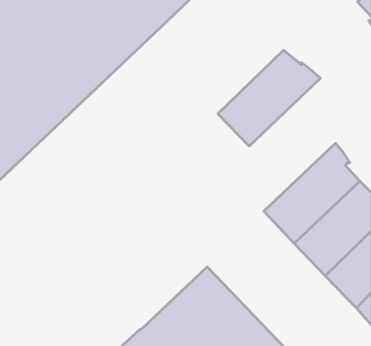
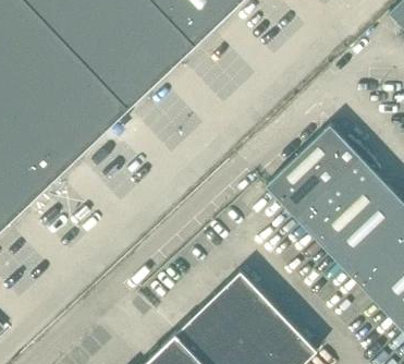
building: [218,50,320,146] -> [268,125,368,219]

